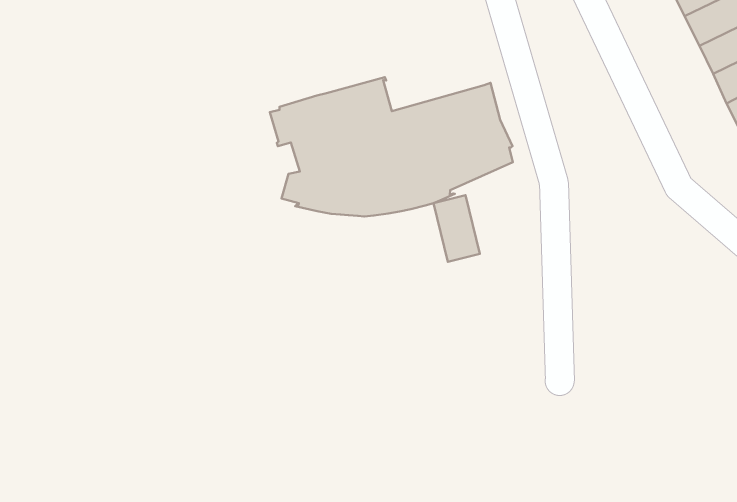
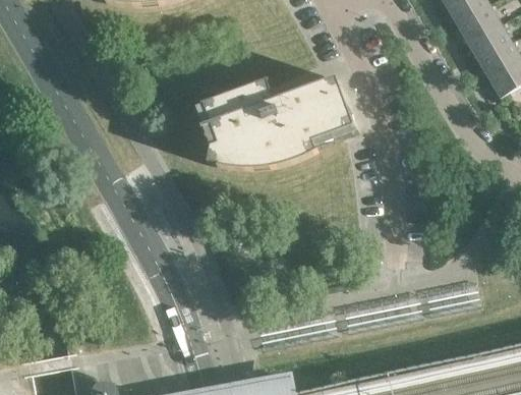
building: [433,195,480,262] -> none

